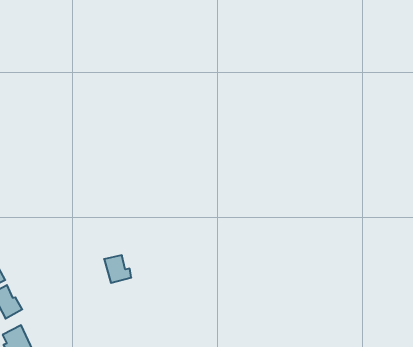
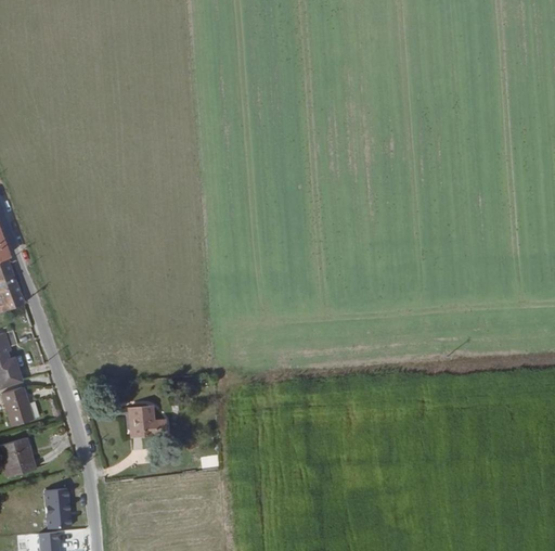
building: [104,255,131,283] -> [128,412,156,443]

